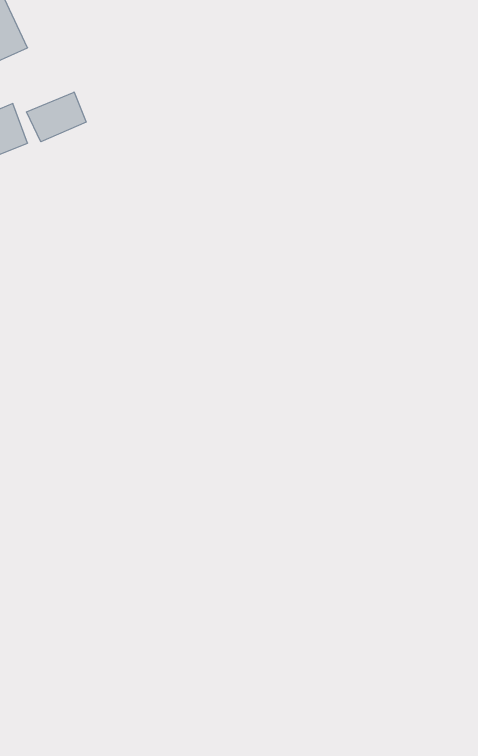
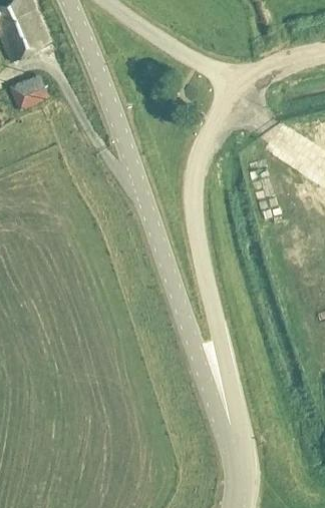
building: [27,92,86,142] -> none

